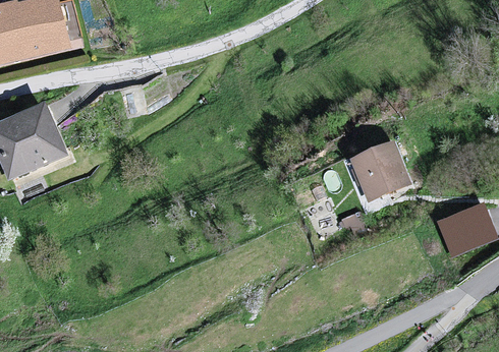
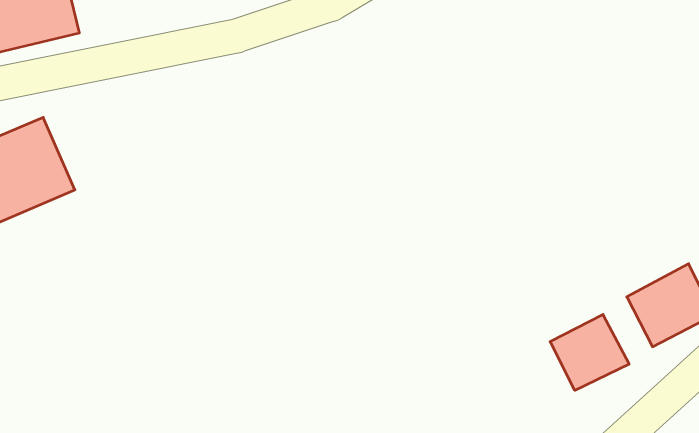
building: [350,141,410,202] -> none
building: none -> [550,314,629,390]

